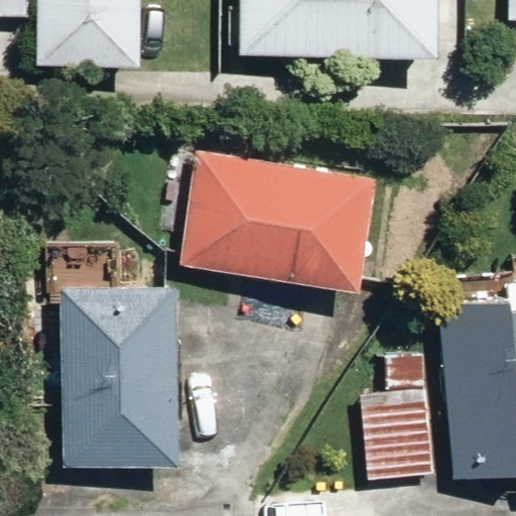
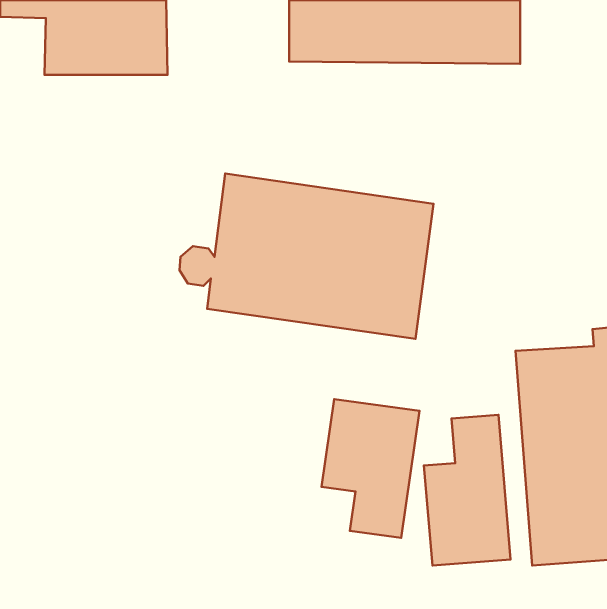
building: [59,281,175,465] -> none
building: none -> [321,399,419,538]

